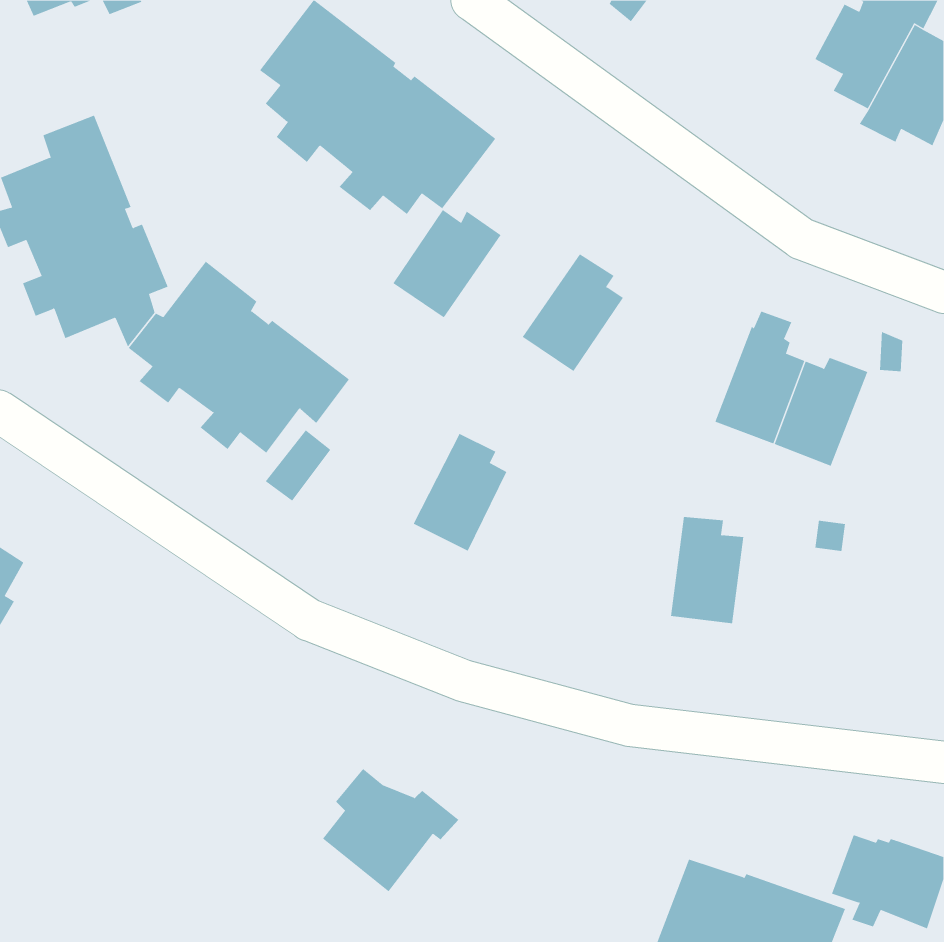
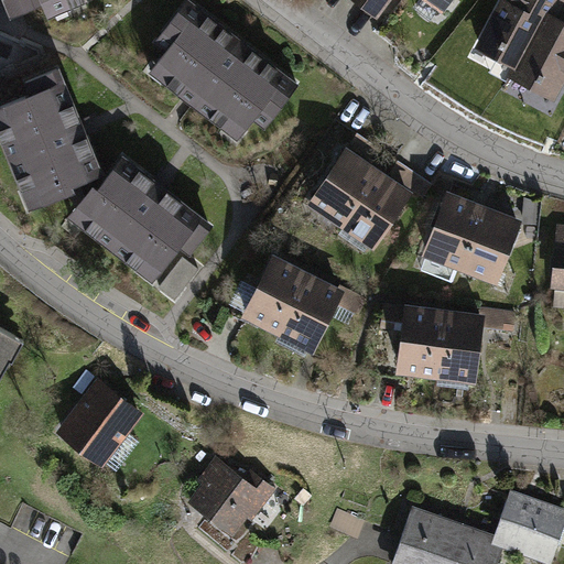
building: [392,209,502,318] -> [341,180,406,245]
building: none -> [279,282,339,347]
building: none -> [436,316,480,379]
building: none -> [62,384,138,462]

